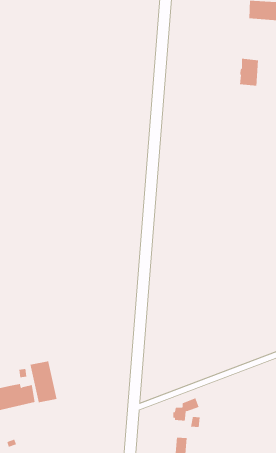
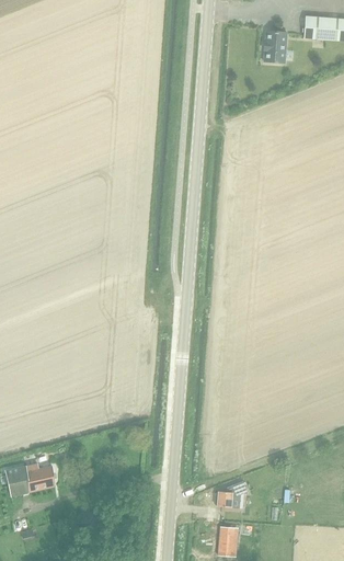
building: [239,58,259,86] -> [263,30,286,62]
building: [30,361,57,403] -> none

